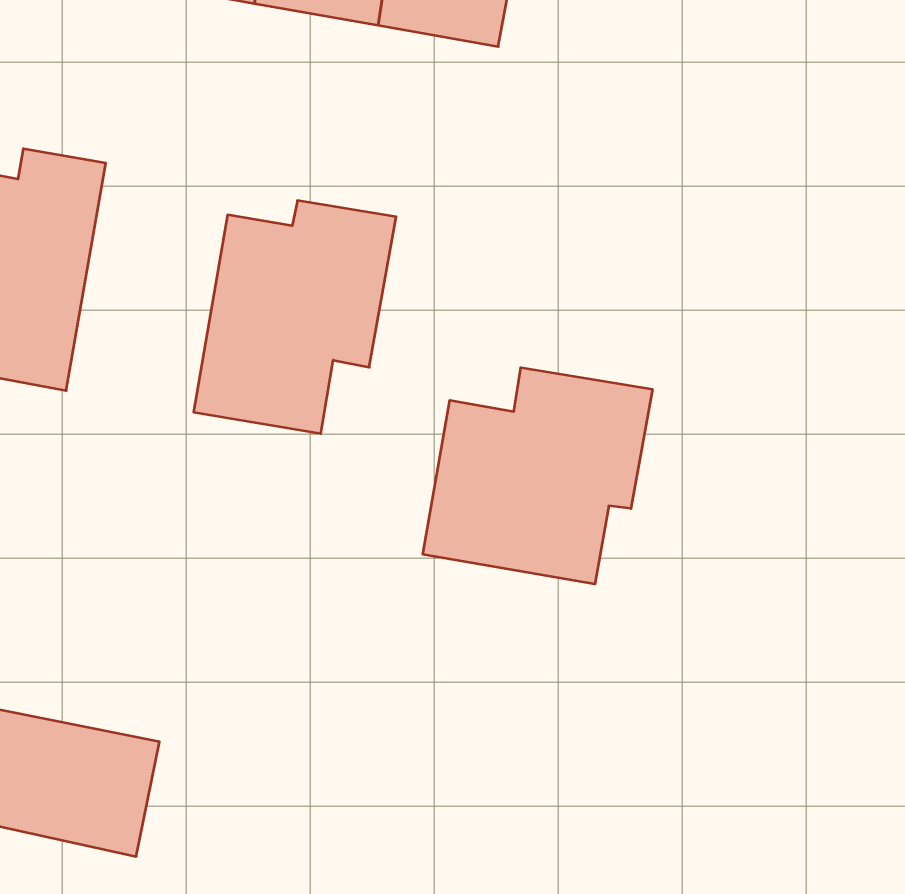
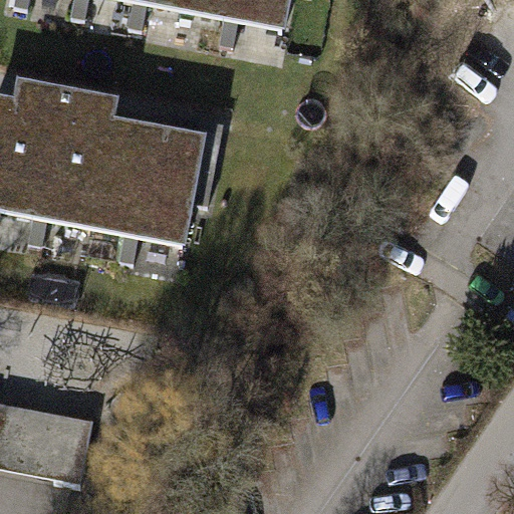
building: none -> [37,91,127,231]
building: [423,368,652,584] -> none

